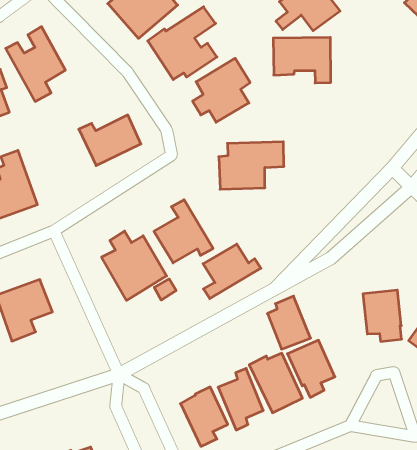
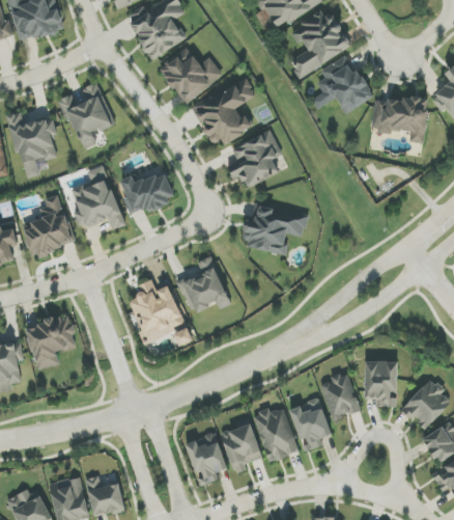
building: [273,37,331,83] -> [372,95,428,142]
building: none -> [72,164,124,228]
building: [203,244,261,299] -> none
building: [267,296,311,349] -> [322,371,360,418]

